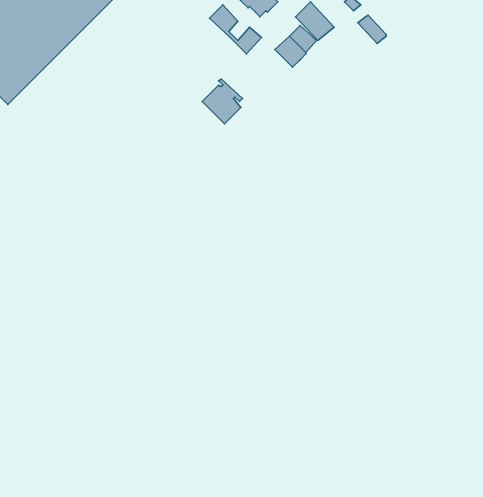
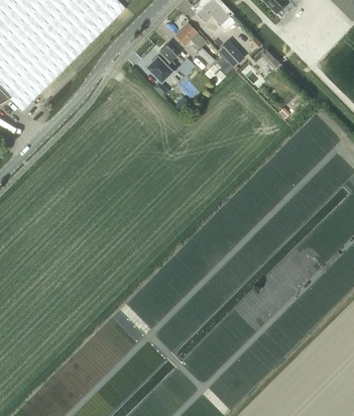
building: [202,79,242,124] -> [146,51,173,82]

